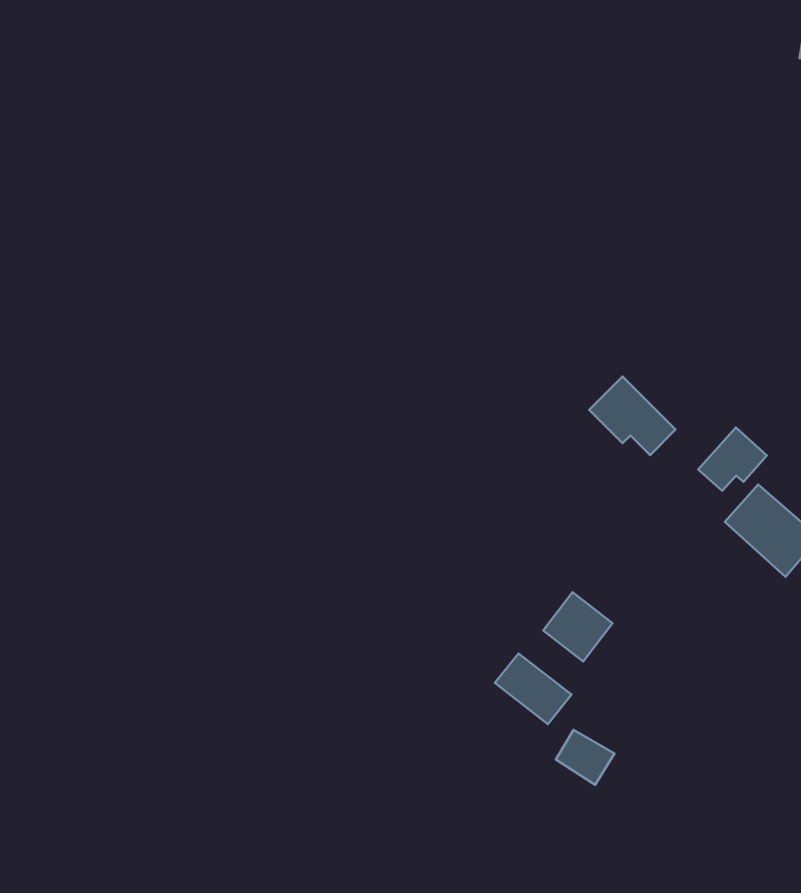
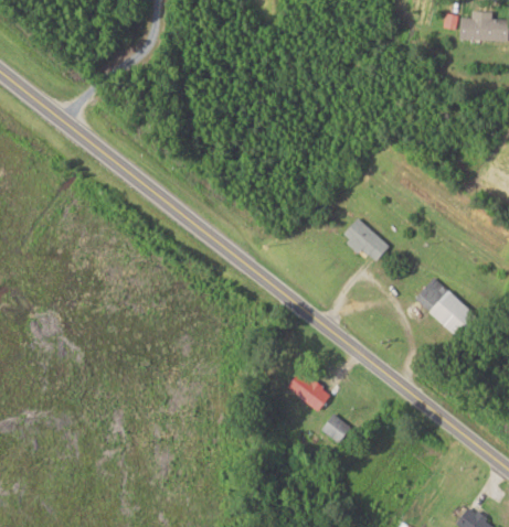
building: [698,428,767,491] -> none
building: [543,592,613,662] -> none

